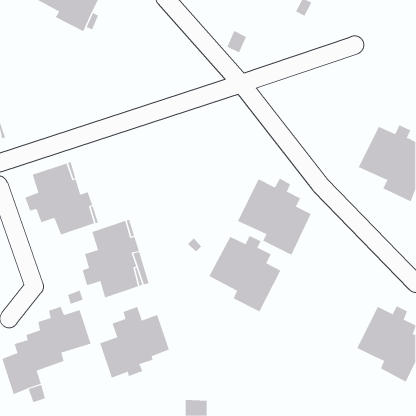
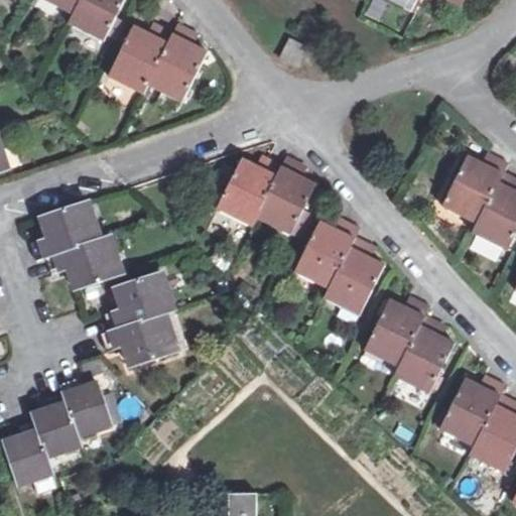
building: none -> [107,22,207,102]
building: none -> [216,155,314,234]
building: [208,235,281,312] -> [364,297,454,392]
building: [100,306,169,379] -> none

